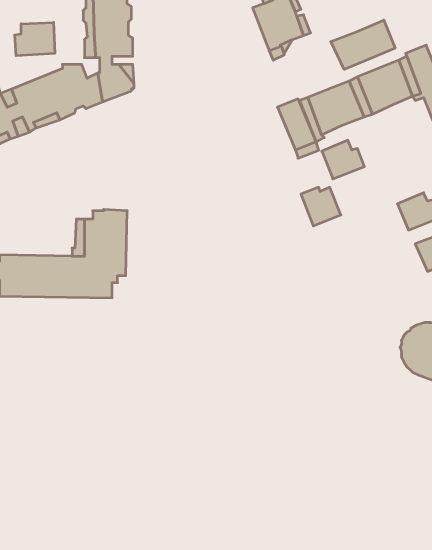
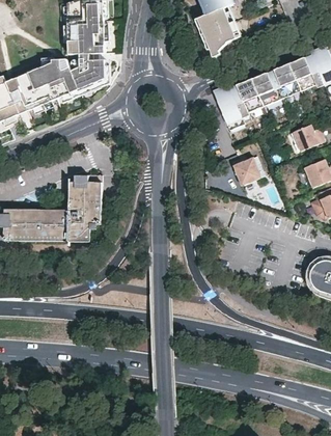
building: [331,20,395,69] -> none
building: [15,22,55,56] -> none
building: [322,140,364,179] -> [292,121,324,151]

